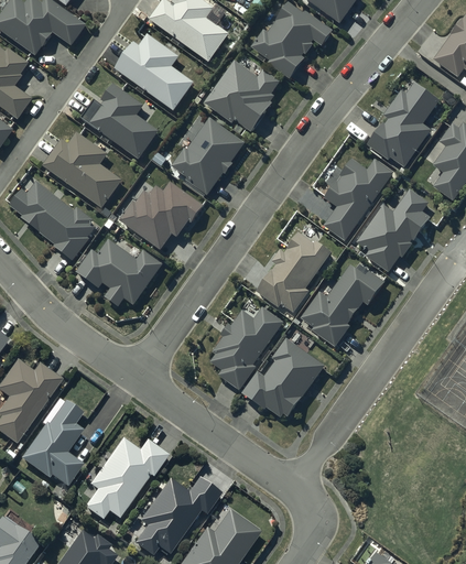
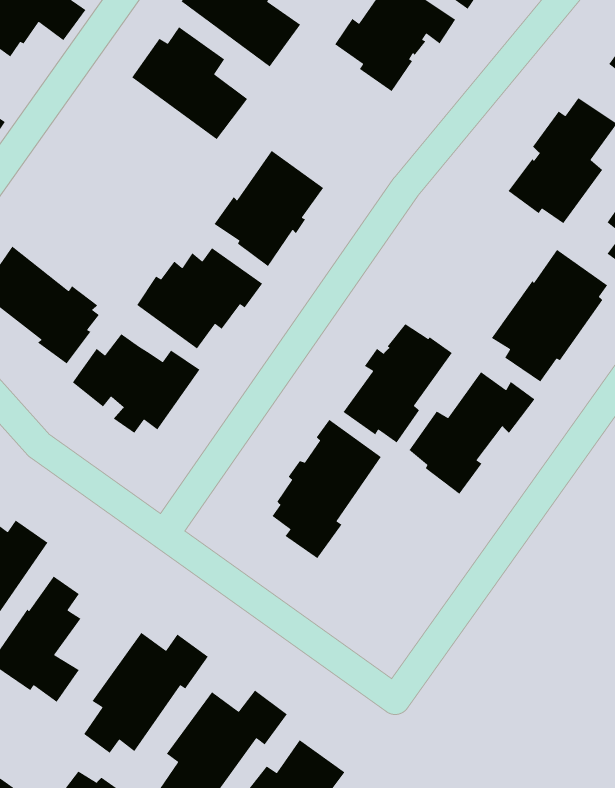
building: [204,61,280,132] -> none
building: [80,83,159,159] -> none
building: [42,131,121,207] -> none
building: [323,158,395,241] -> none
building: [242,338,325,417] -> none

